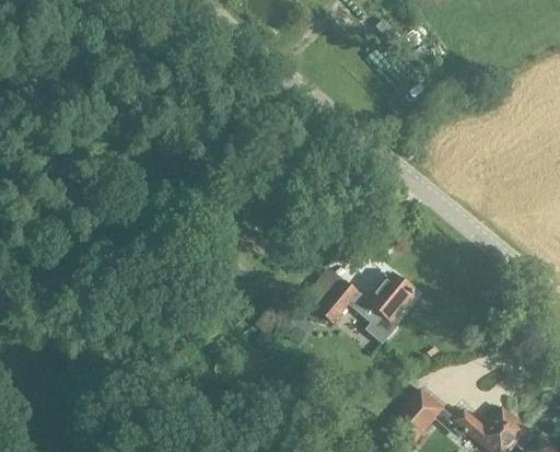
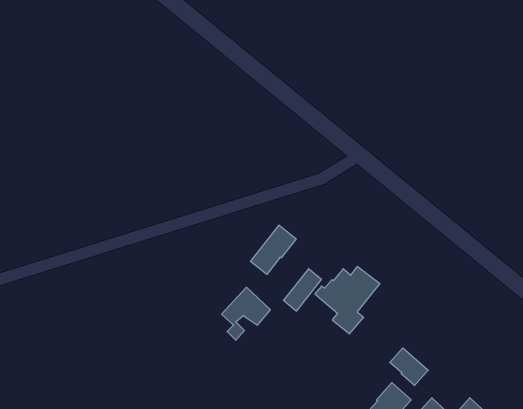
building: none -> [251,225,296,274]
building: none -> [390,348,428,386]

